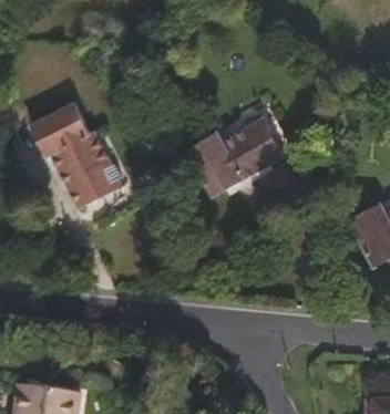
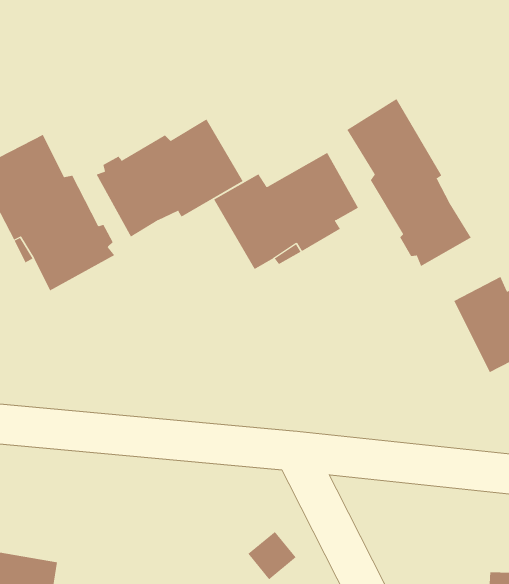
building: none -> [347,98,471,267]
building: none -> [96,118,243,238]

